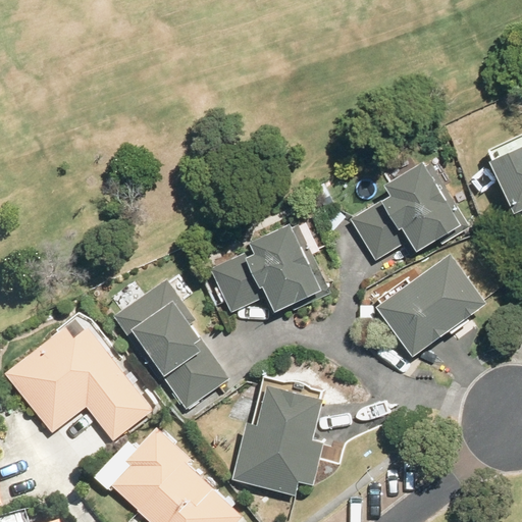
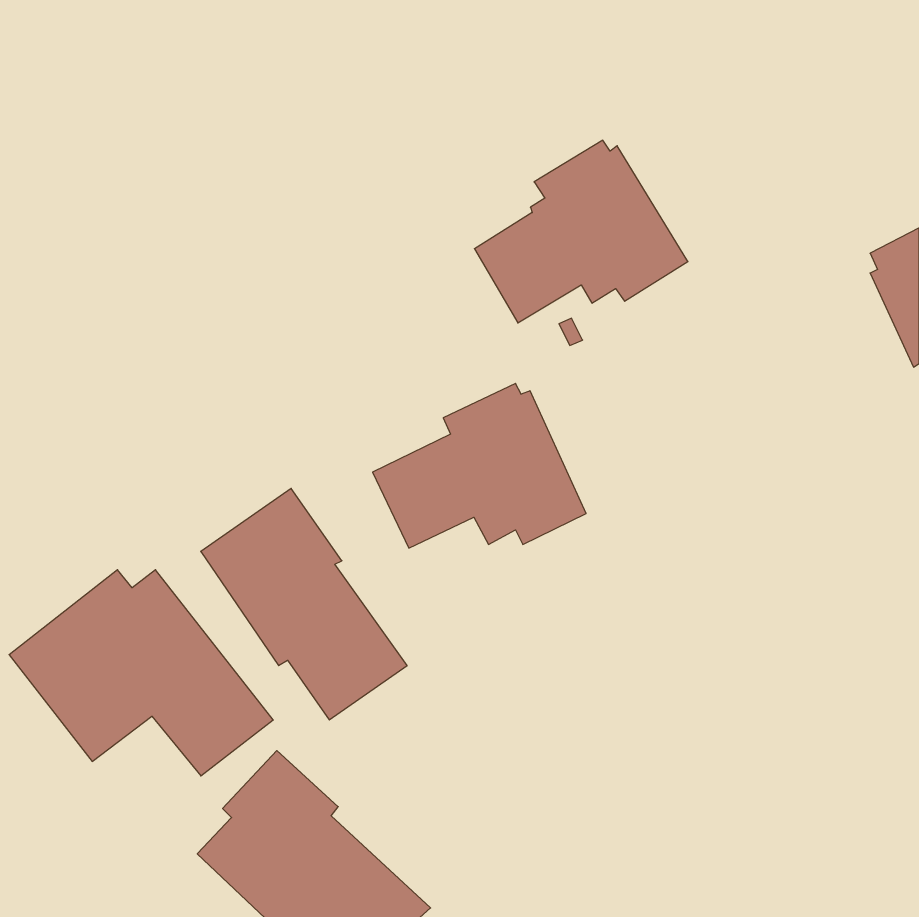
building: [350,160,470,263] -> [474,140,688,323]
building: [377,252,487,356] -> none
building: [231,380,323,495] -> none

